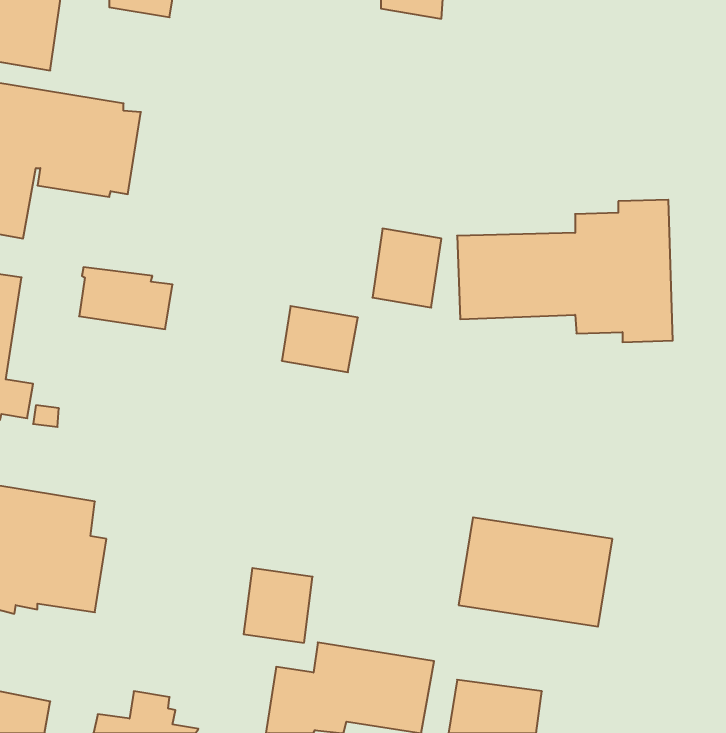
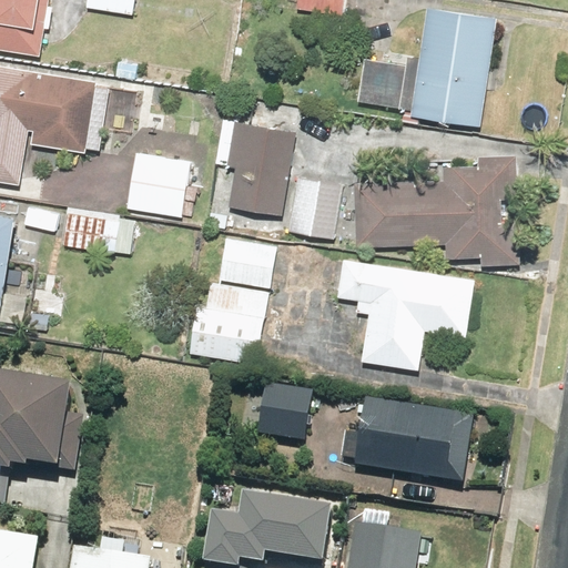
building: none -> [356,7,496,125]
building: none -> [213,119,295,214]
building: none -> [125,152,189,216]
building: none -> [336,257,475,368]
building: none -> [189,282,268,363]
building: [244,568,313,643] -> [257,385,311,443]

